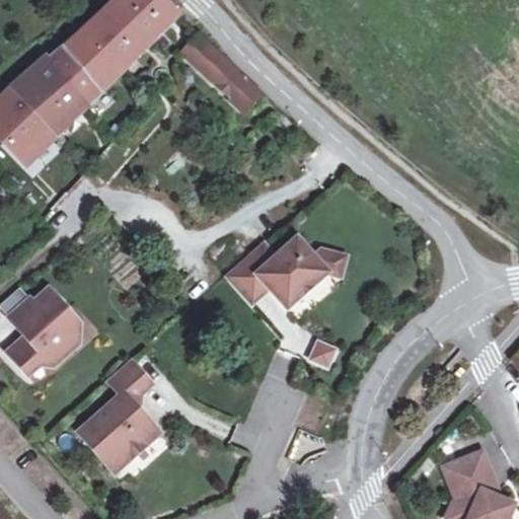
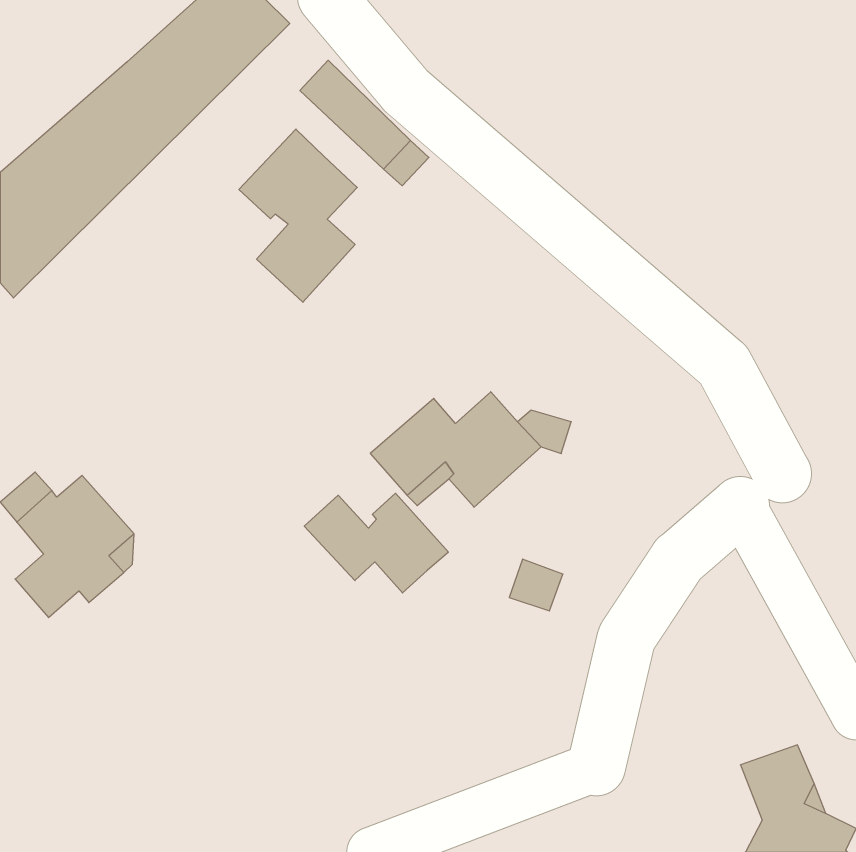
building: none -> [239,129,357,302]
building: none -> [304,493,448,593]
building: [79,359,160,471] -> none

